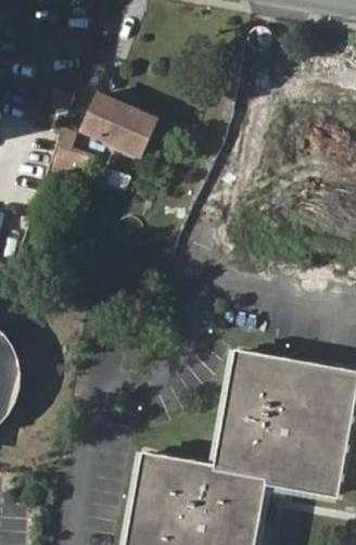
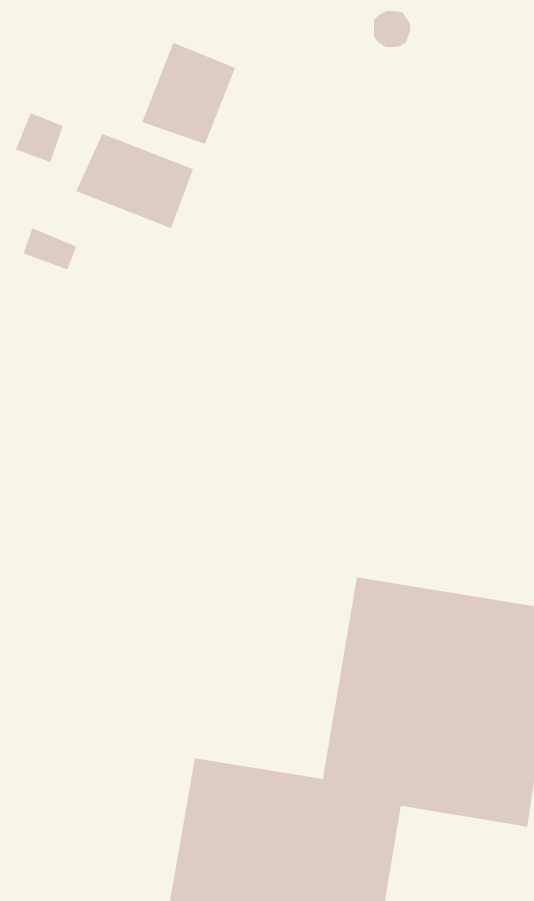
building: none -> [141,42,236,145]

